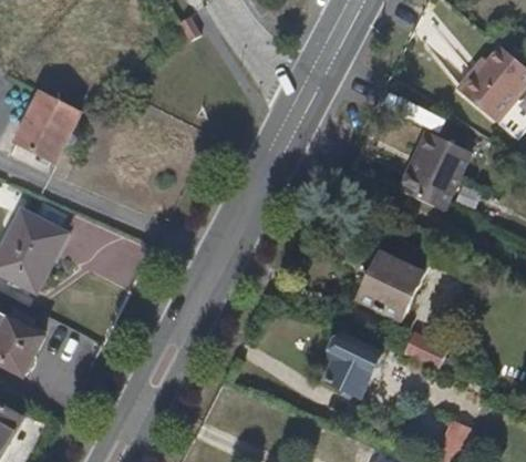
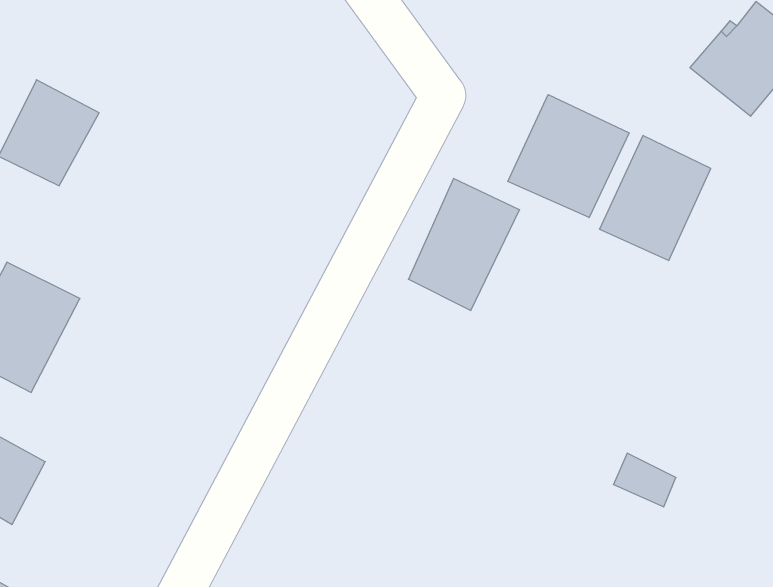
building: none -> [508,95,629,218]
building: [361,236,432,320] -> [408,179,520,310]
building: [326,332,383,397] -> none

